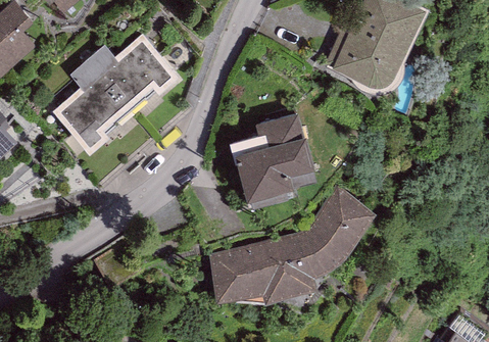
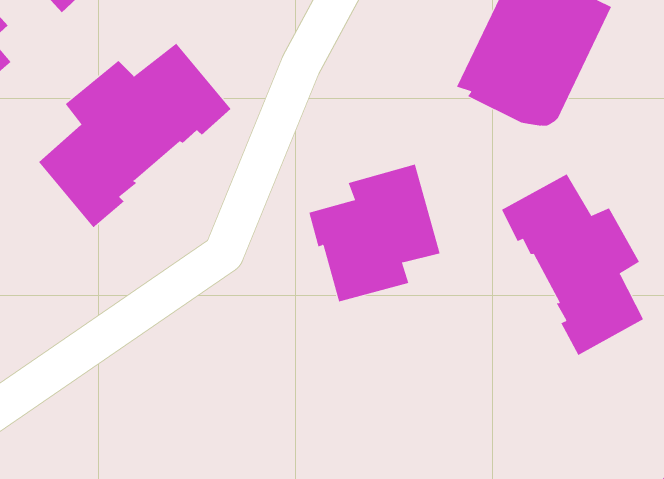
building: none -> [501,173,644,356]
building: [209,185,376,305] -> none

